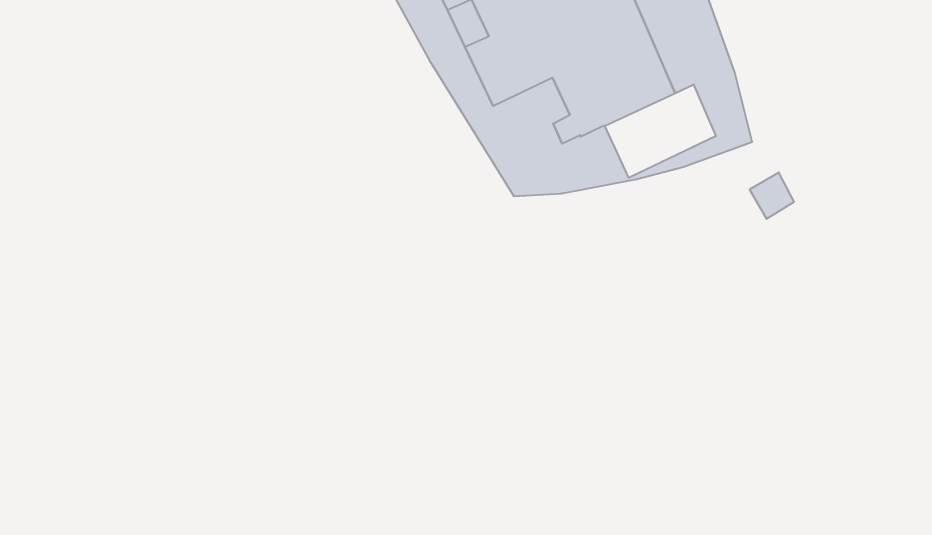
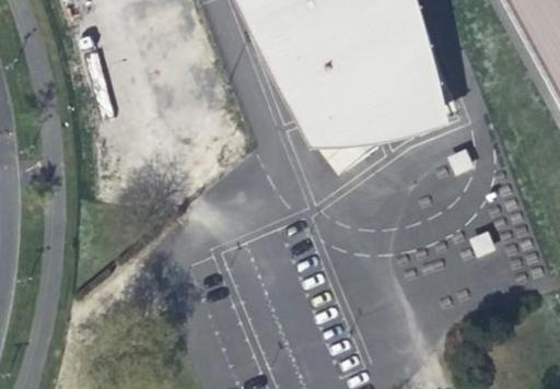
building: none -> [362,83,425,134]

